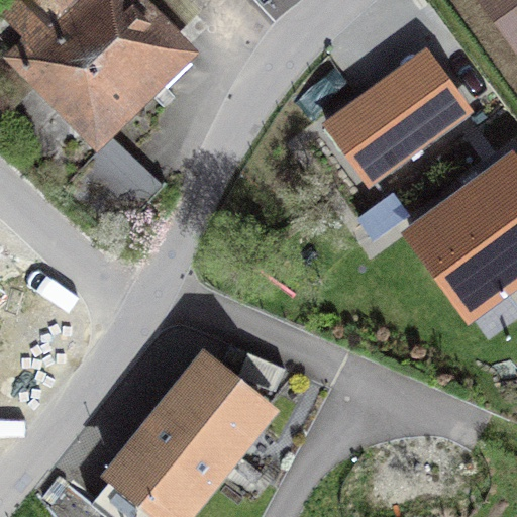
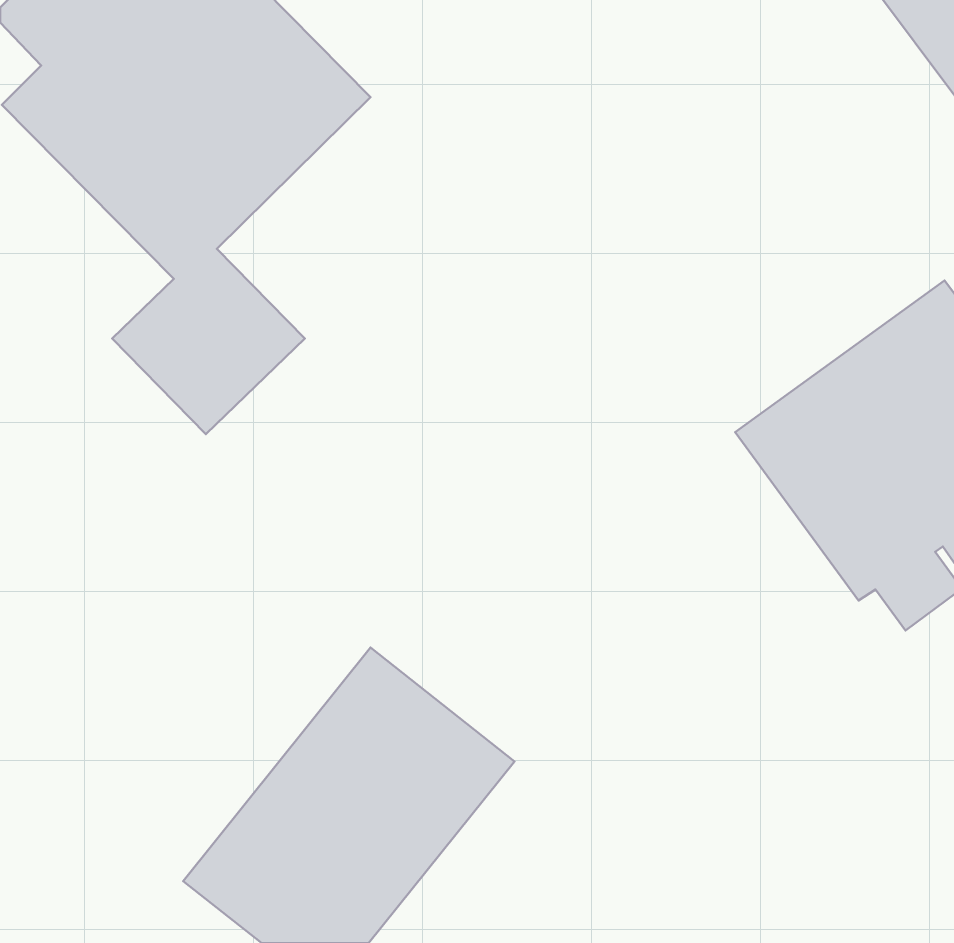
building: [320,44,474,186] -> none

